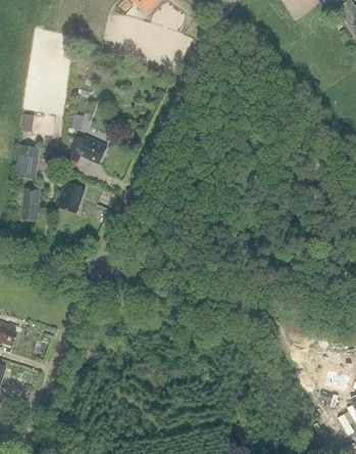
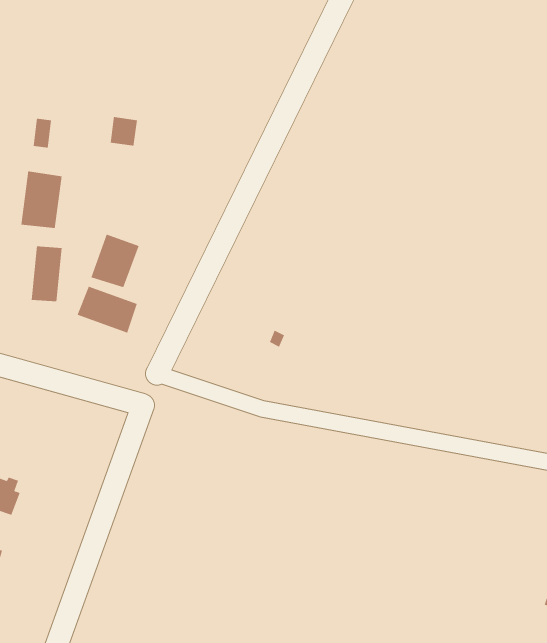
building: [65,135,106,163] -> none
building: none -> [77,286,138,334]

